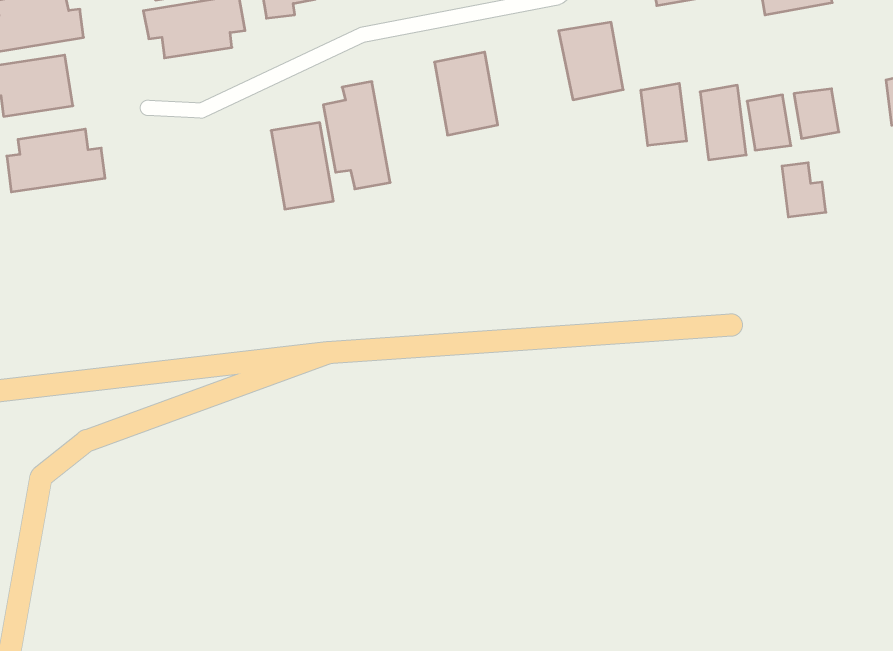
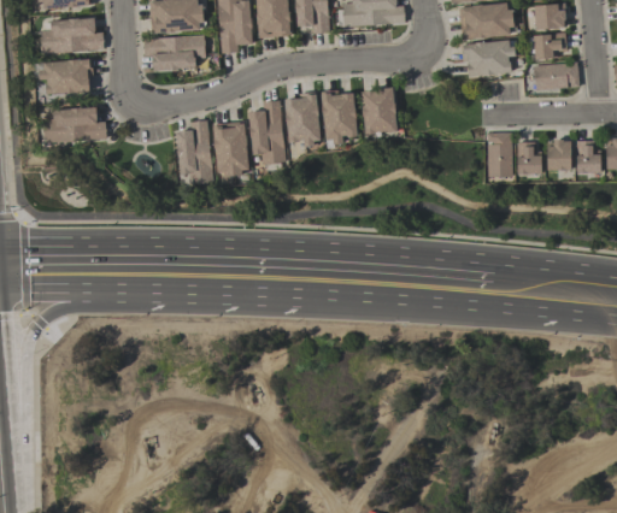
building: [559,22,623,100] -> [360,89,396,135]
building: none -> [283,95,321,146]
building: [641,83,687,146] -> none
building: none -> [176,120,212,184]
building: [782,163,826,217] -> [576,141,600,173]

